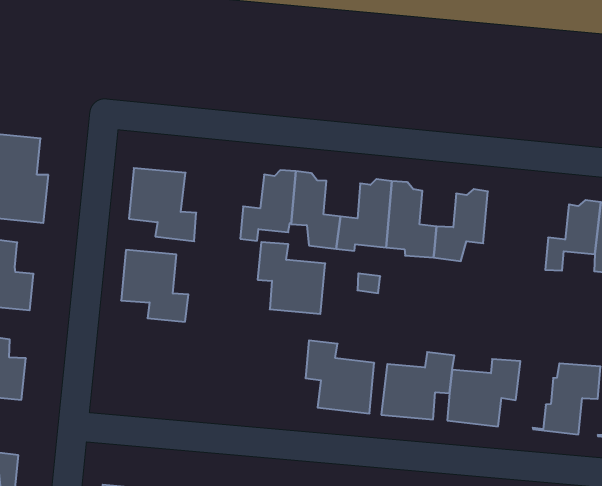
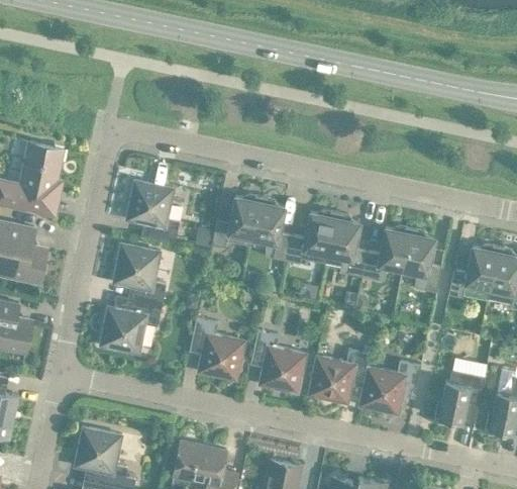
building: none -> [402,228,441,292]
building: [258,242,325,314] -> [190,318,244,380]
building: none -> [99,299,161,354]

